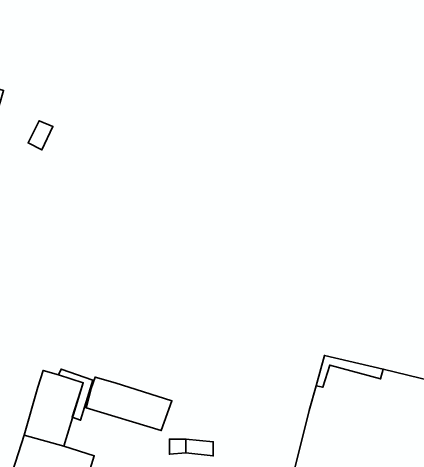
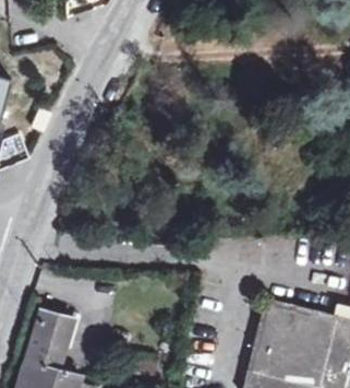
building: [86,377,172,431] -> none

